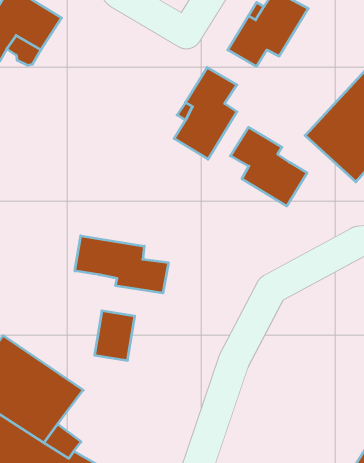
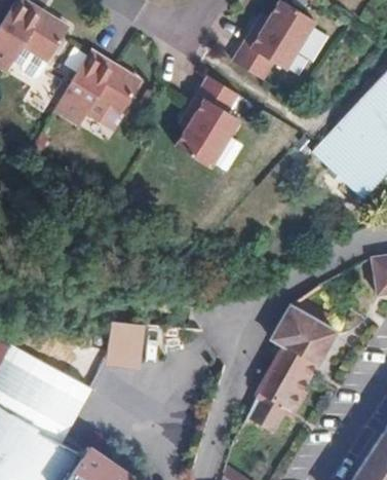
building: none -> [55,49,142,124]
building: [230,127,307,206] -> none
building: [75,236,168,293] -> none
building: none -> [245,308,332,440]

